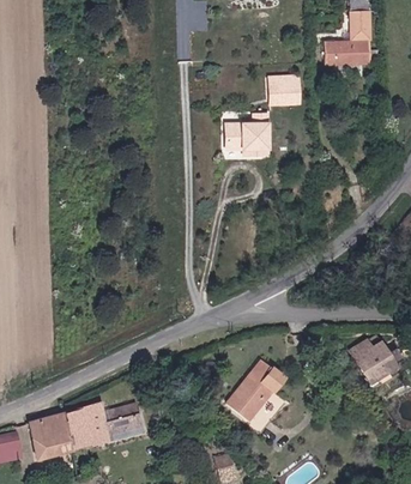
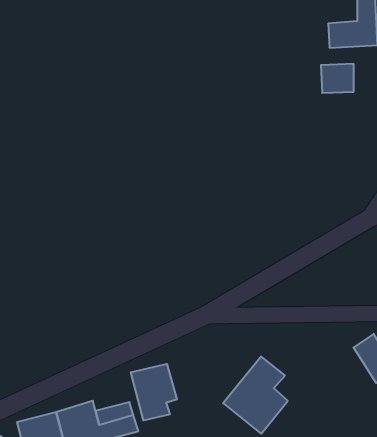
building: [268,77,300,104] -> [321,64,354,93]
building: [225,114,270,157] -> none
building: none -> [131,364,177,420]

